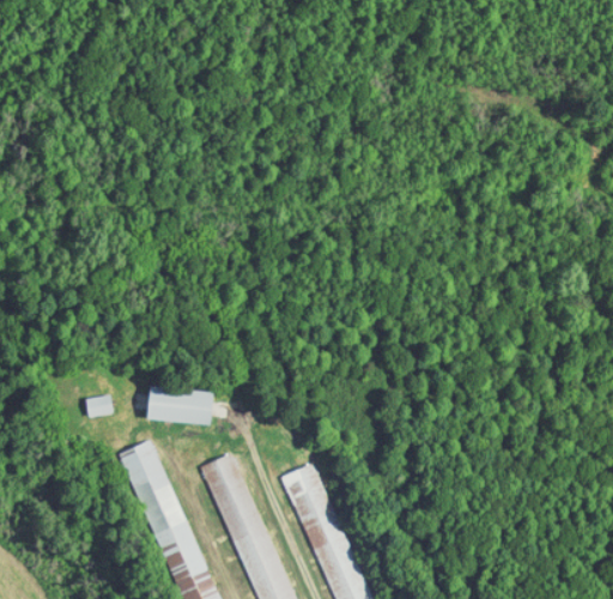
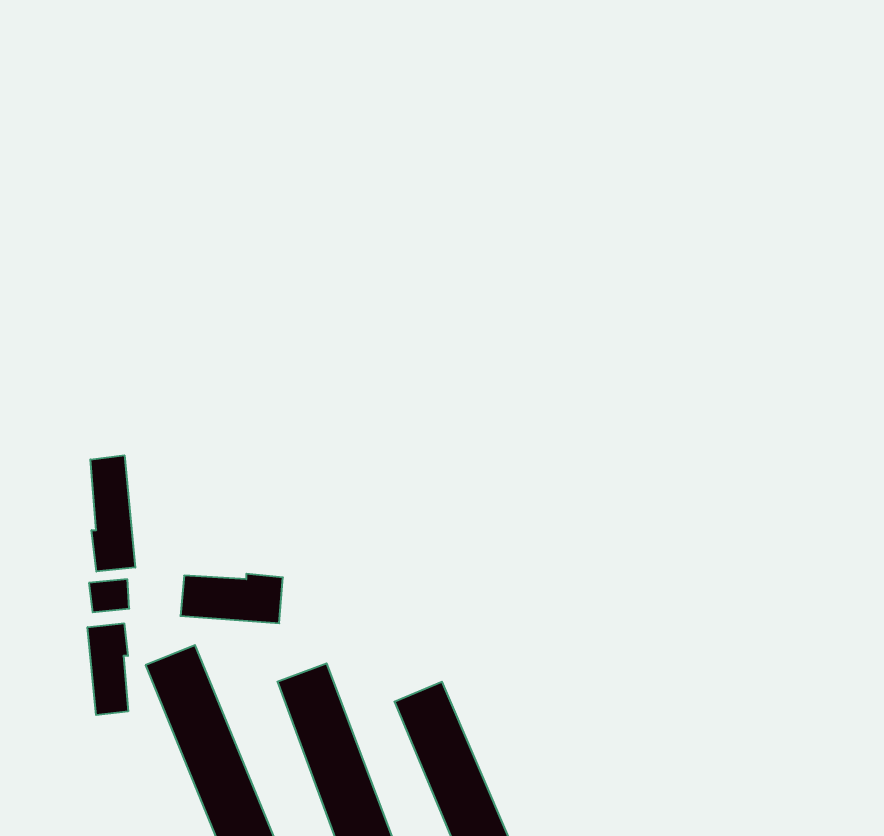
building: none -> [90,455,135,572]
building: none -> [88,623,128,715]

